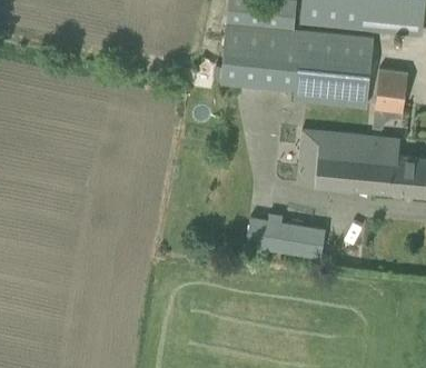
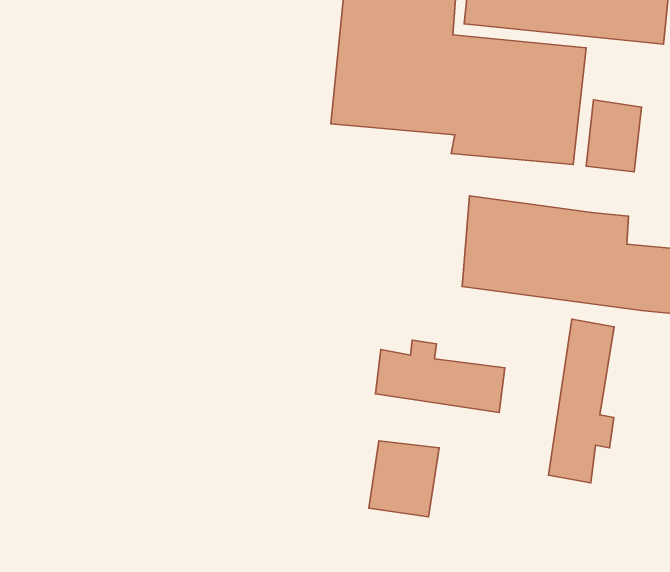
building: none -> [549,319,614,483]
building: none -> [369,441,439,517]

